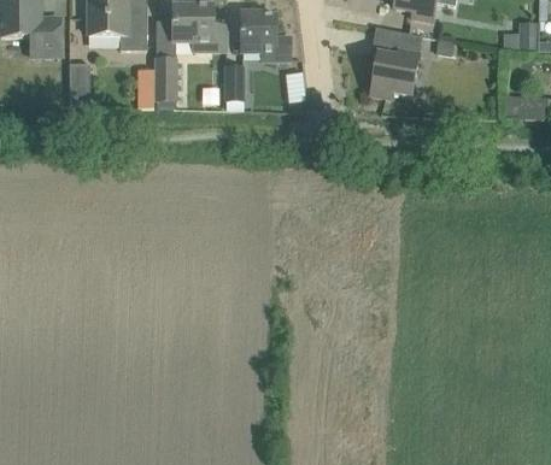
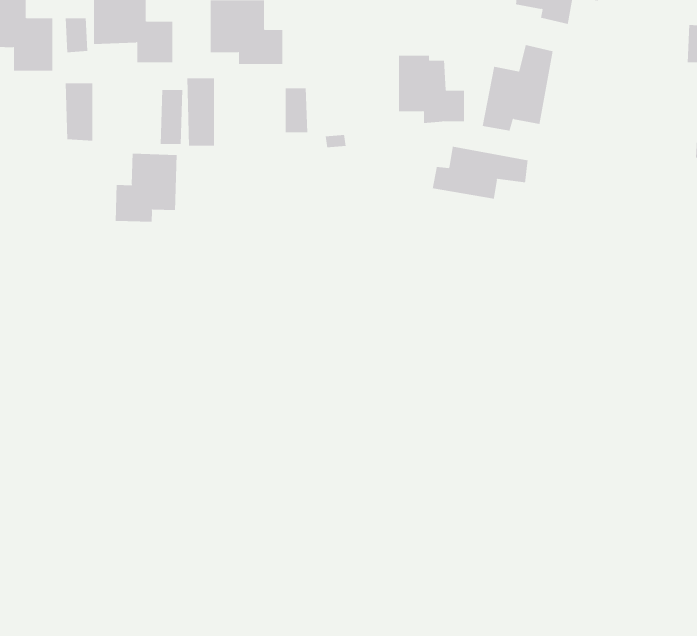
building: [242,10,291,59] -> [398,55,465,123]
building: none -> [432,146,528,200]
building: none -> [115,153,177,222]

